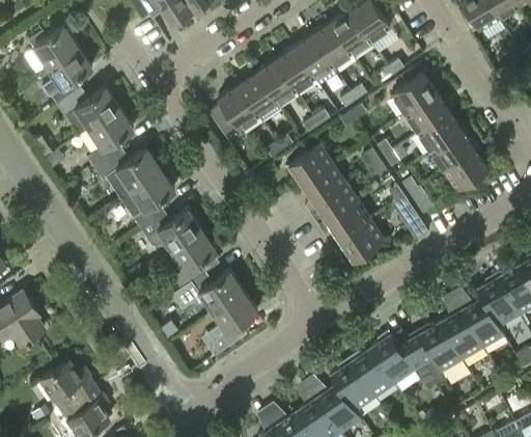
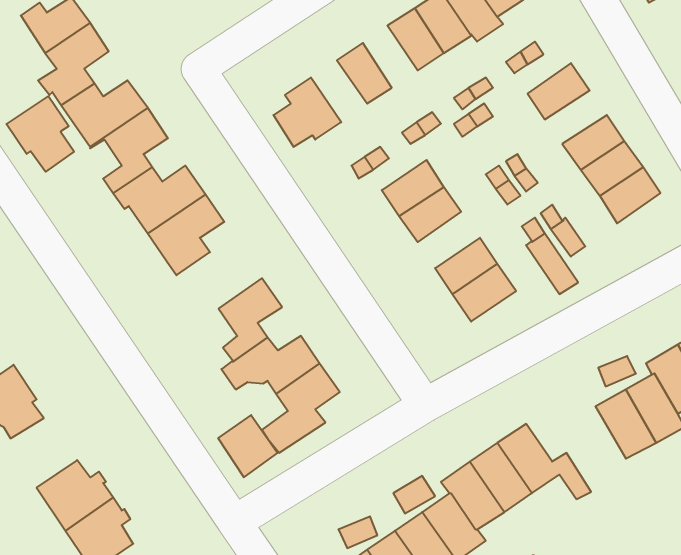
building: [274,48,313,92] -> none
building: [236,73,277,117] -> none
building: [404,94,449,133] -> none
building: none -> [6,96,74,172]
building: [313,182,358,222] -> none
building: [138,209,201,251] -> none
building: [420,322,463,383] -> none
building: none -> [218,415,278,477]

